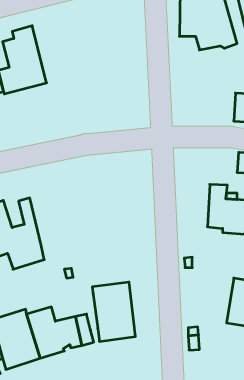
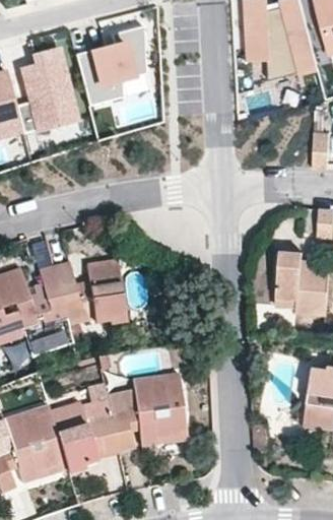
building: none -> [73,23,143,105]
building: none -> [54,259,126,325]
building: none -> [107,387,140,433]

